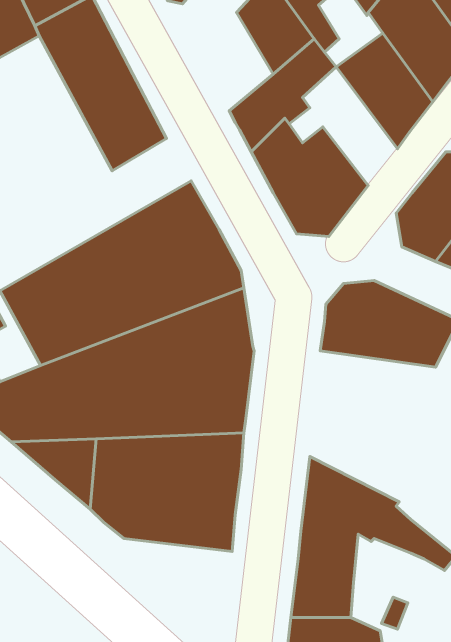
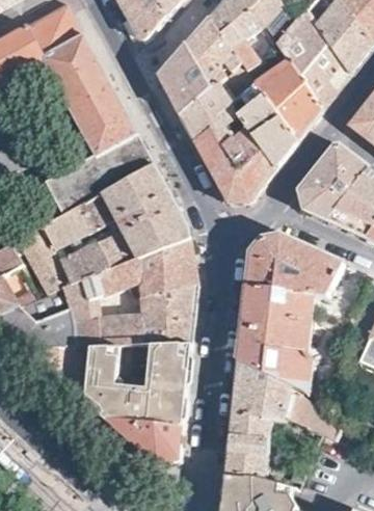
building: none -> [158,45,211,114]
building: none -> [232,83,299,167]
building: none -> [237,285,313,395]
building: none -> [105,418,182,464]

